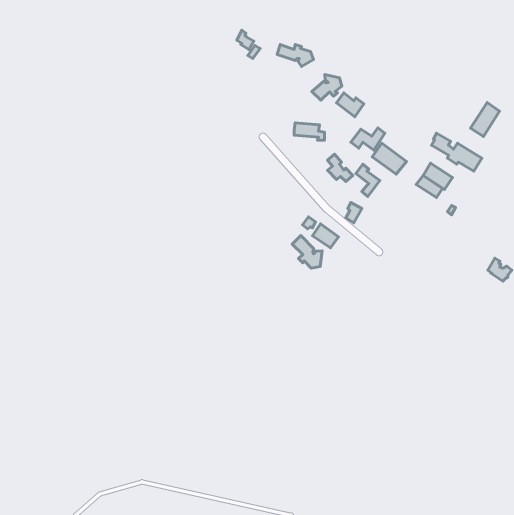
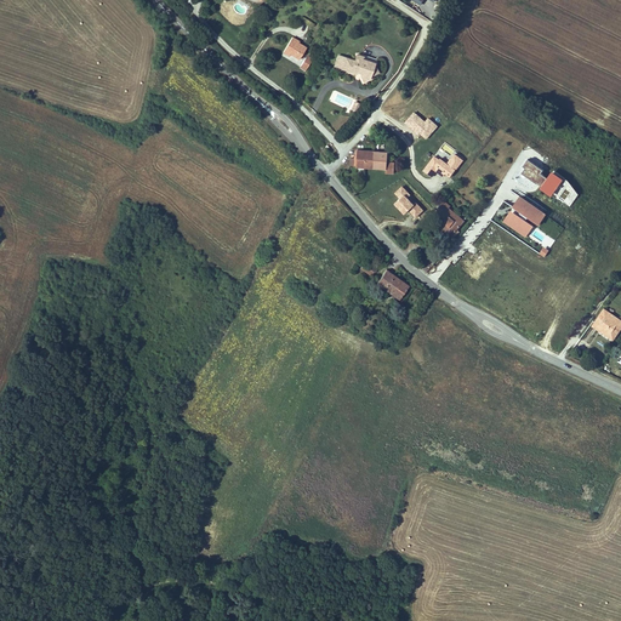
building: [312,74,342,100] -> none
building: [470,102,499,137] -> none
building: [372,143,407,174] -> none
building: [292,236,322,268] -> none

